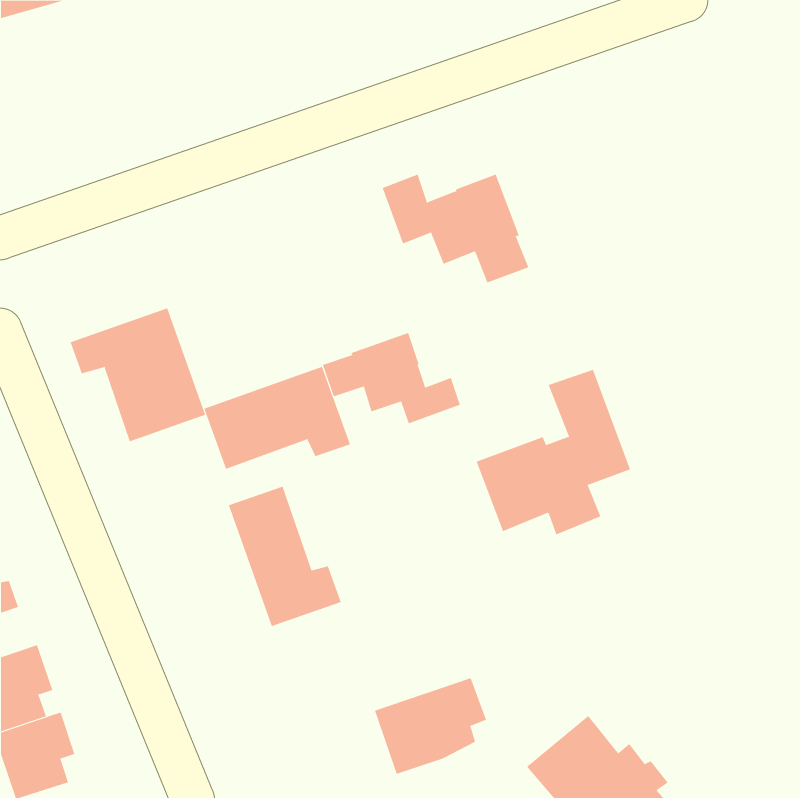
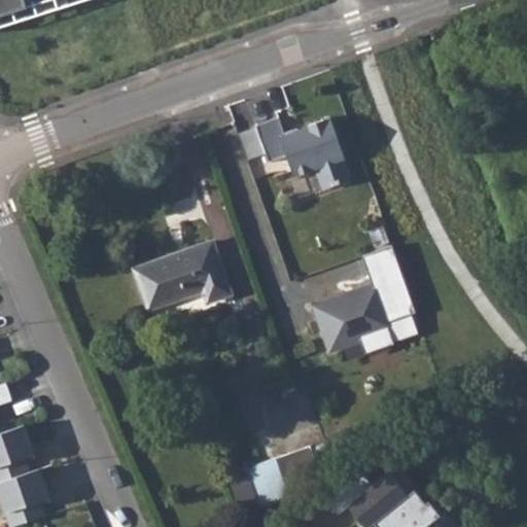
building: [70,307,206,442] -> none
building: [322,332,461,424] -> none
building: [228,486,342,627] -> none

